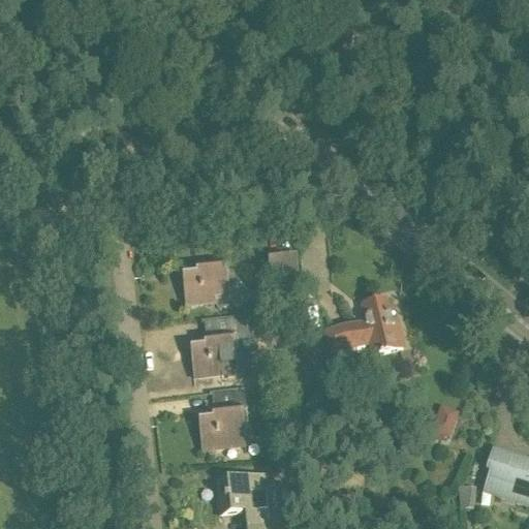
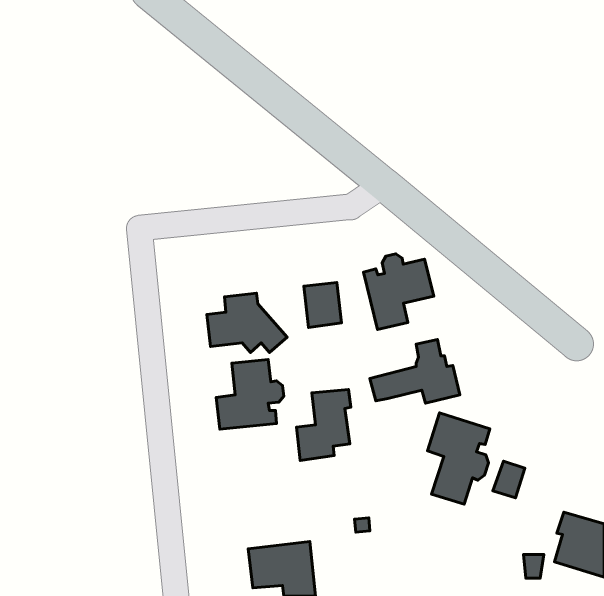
building: none -> [364,254,434,330]
building: none -> [427,413,490,504]
building: [197,386,245,448] -> [296,389,351,460]

